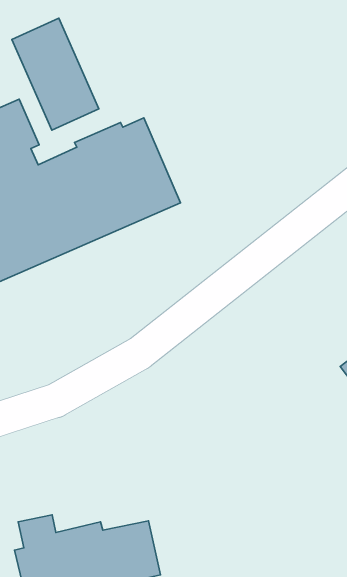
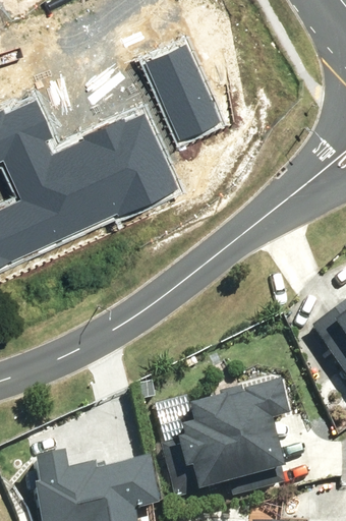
building: [12,18,99,130] -> [146,43,221,139]
building: none -> [175,382,290,493]

